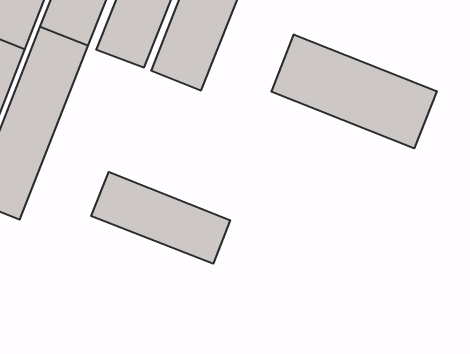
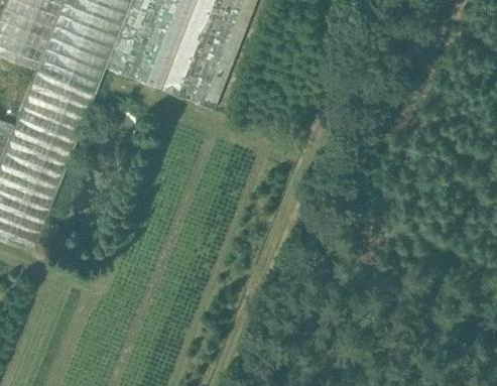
building: [271,34,437,148] -> none
building: [91,172,230,264] -> none

